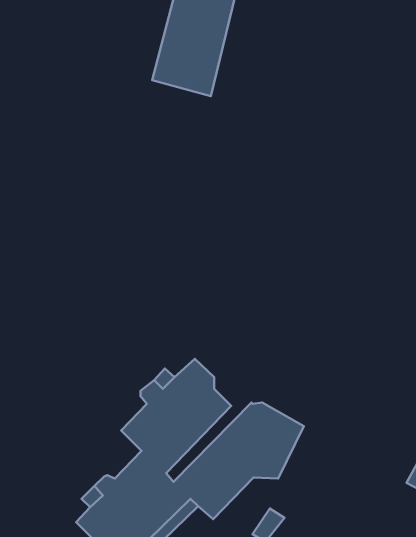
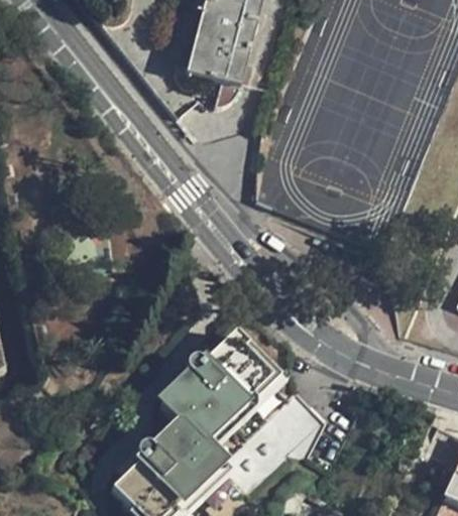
building: none -> [200,356,280,455]

